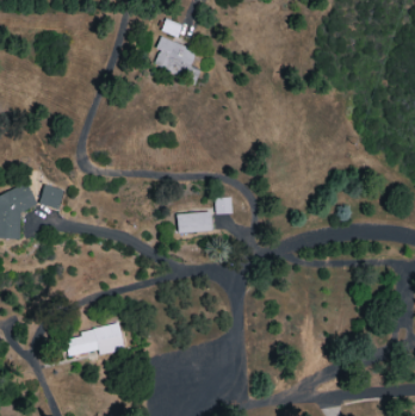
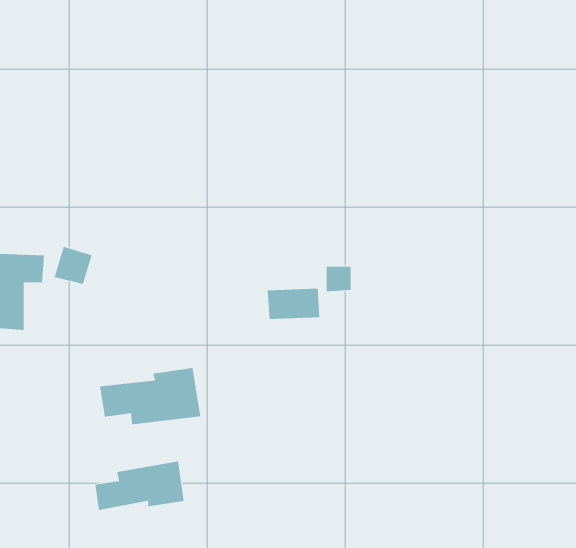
building: [154,36,200,85] -> none
building: none -> [100,367,201,425]

